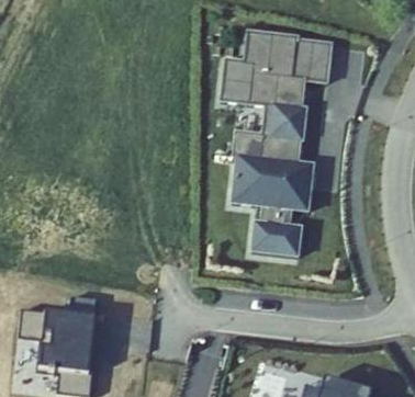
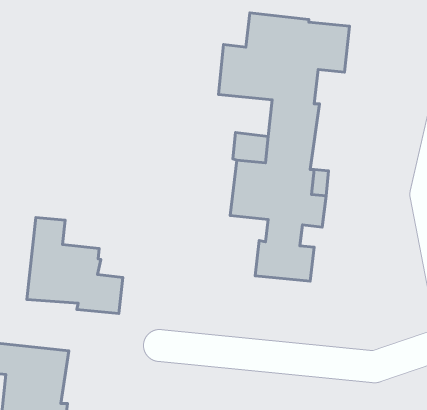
building: none -> [27,217,123,313]

